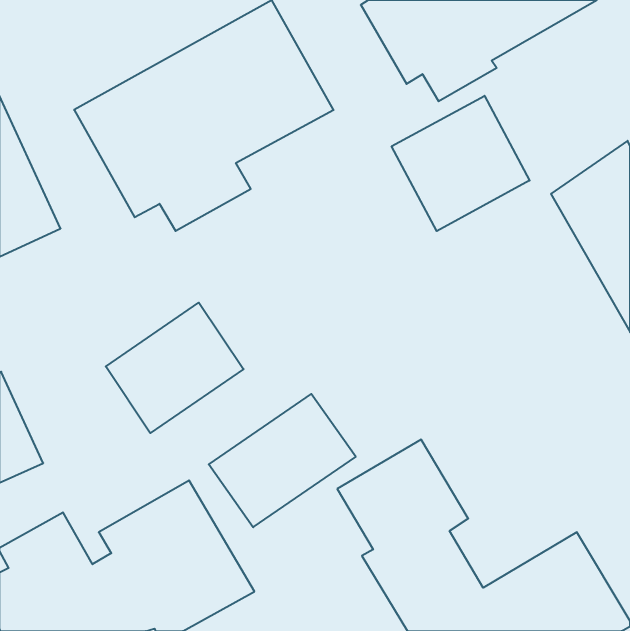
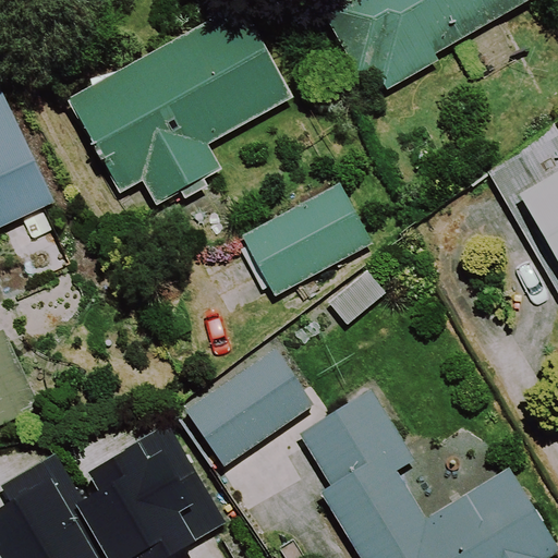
building: [392,96,530,231] -> none
building: none -> [241,182,373,295]
building: [106,303,244,433] -> none

